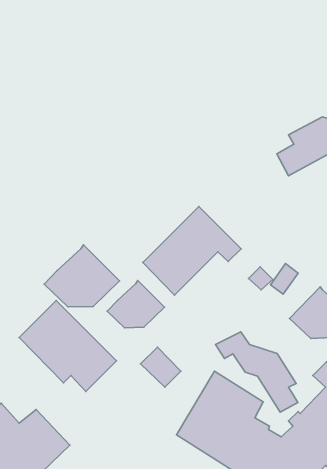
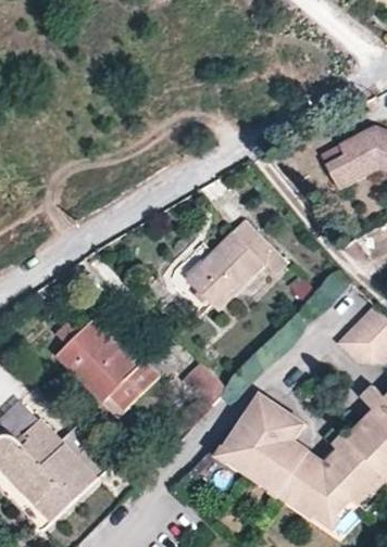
building: [44,245,119,307] -> none
building: [107,281,164,328] -> none
building: [216,332,298,412] -> none

